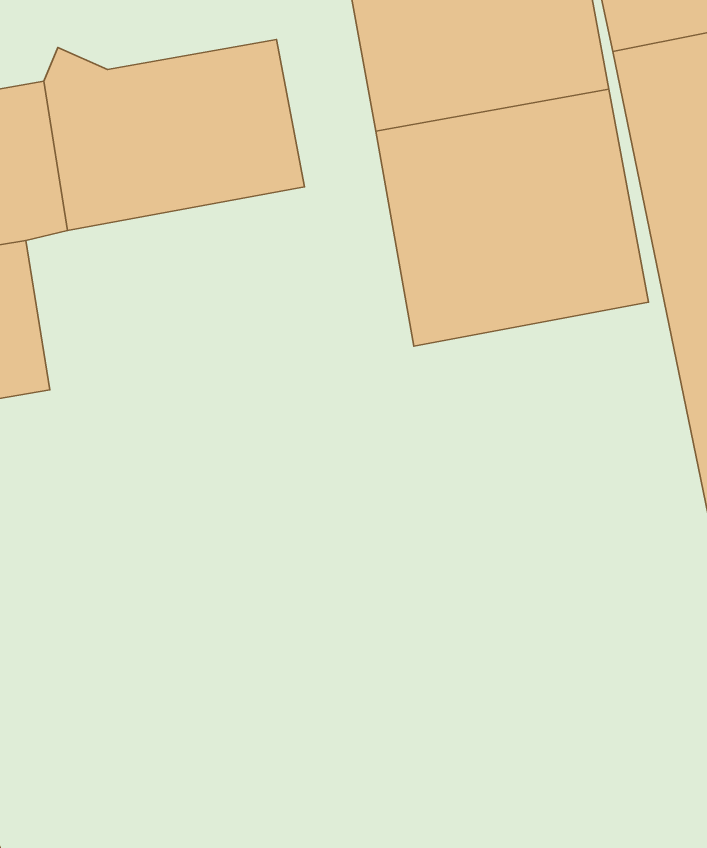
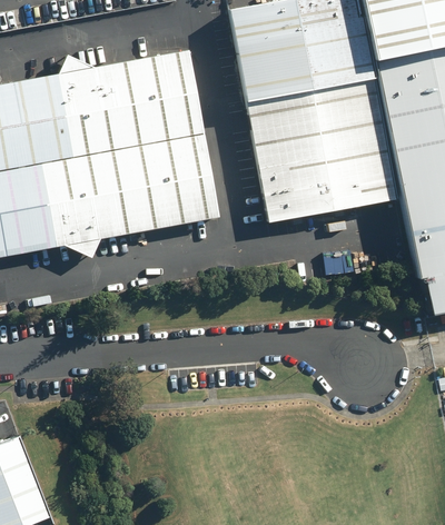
building: none -> [49,132,219,258]

